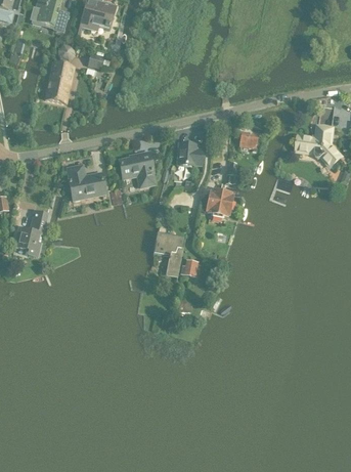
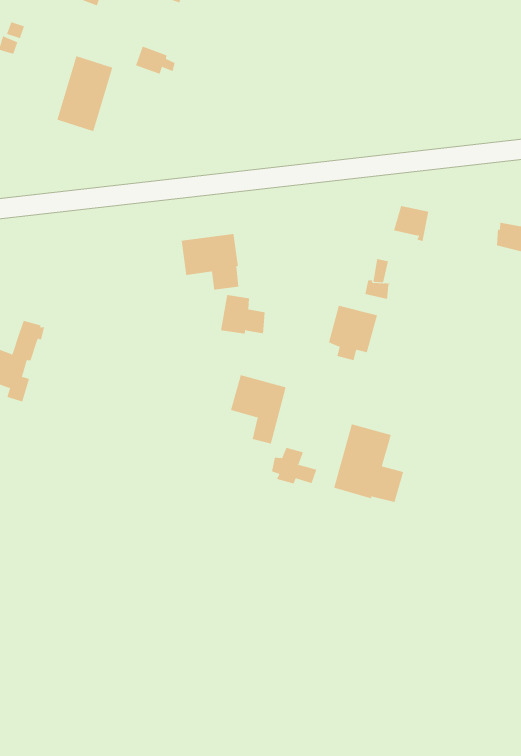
building: [176,142,201,164] -> [220,295,265,334]
building: [67,164,104,200] -> none
building: none -> [334,423,404,503]

